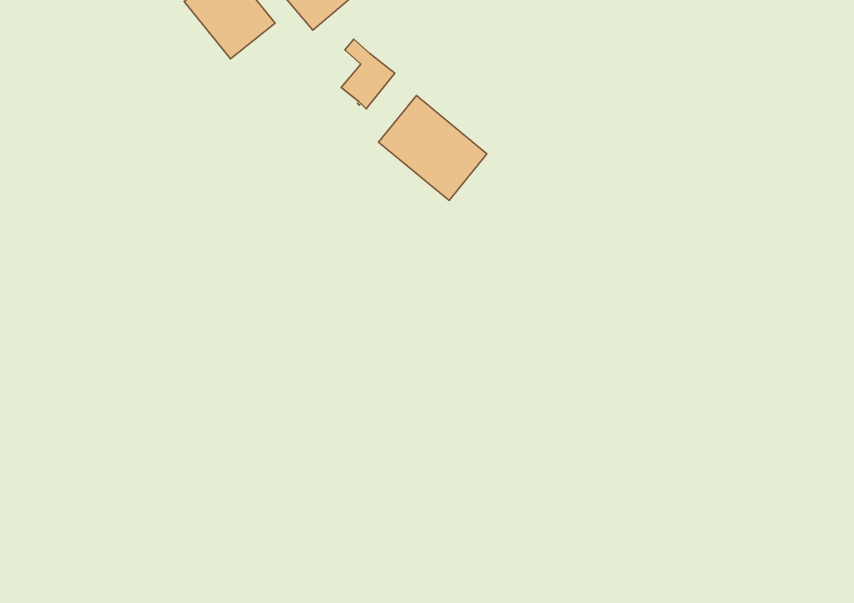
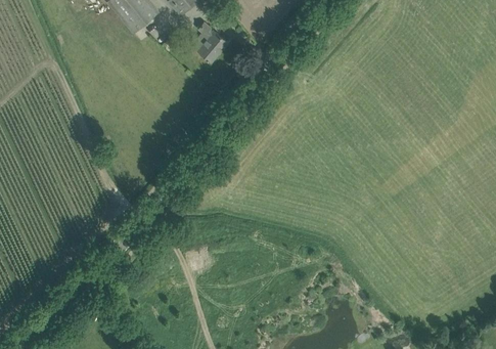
building: [379,96,487,200] -> none

